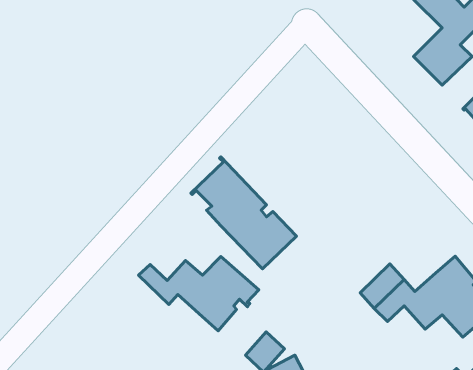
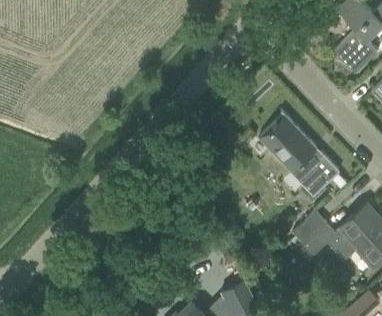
building: [191,157,296,269] -> [258,111,339,197]
building: [139,256,259,331] -> none

